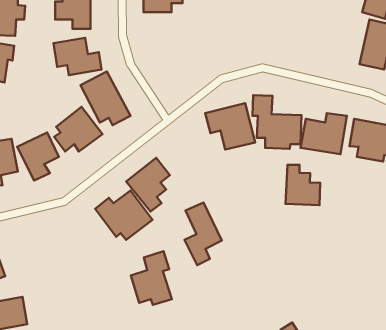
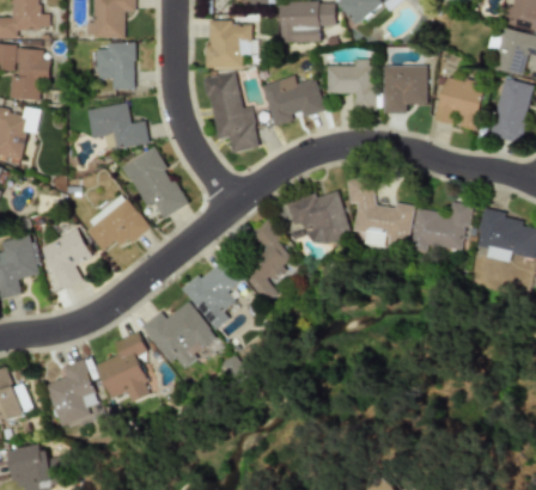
building: none -> [325,62,374,110]
building: none -> [382,65,426,112]
building: none -> [203,72,260,152]
building: none -> [261,74,325,125]
building: none -> [432,74,486,130]
building: [285,165,320,205] -> none
building: [185,202,222,265] -> [244,221,293,304]
building: none -> [44,359,100,424]
building: [131,251,172,305] -> [97,331,151,402]

